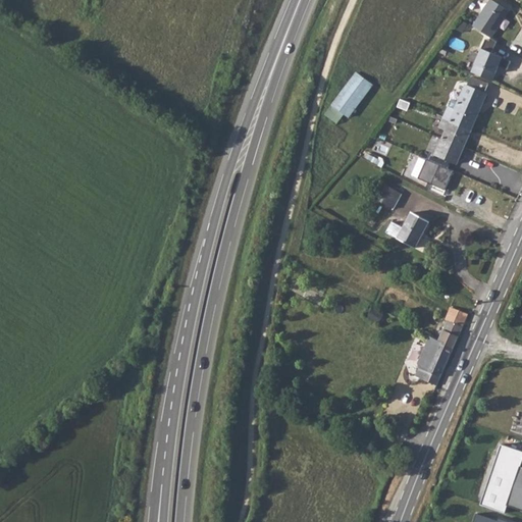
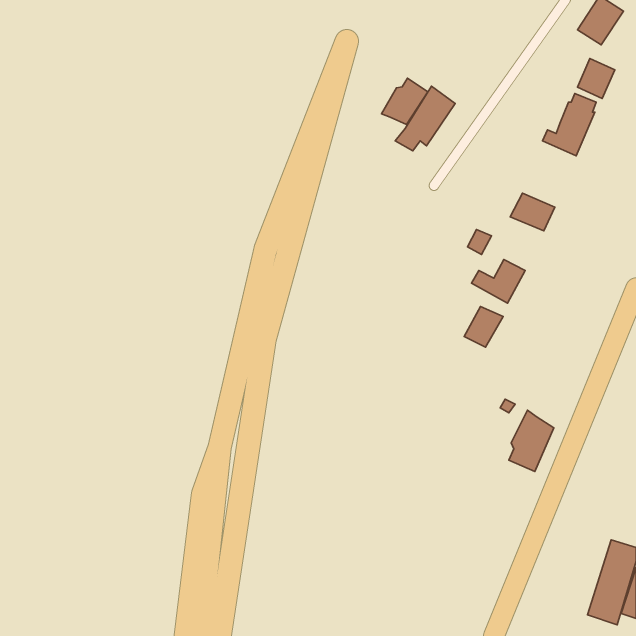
building: none -> [382,78,428,124]
building: [434,115,471,163] -> none
building: none -> [464,306,503,347]
building: [438,307,468,350] -> none

